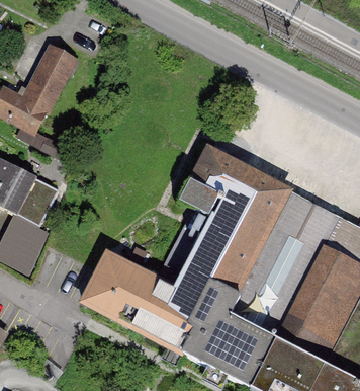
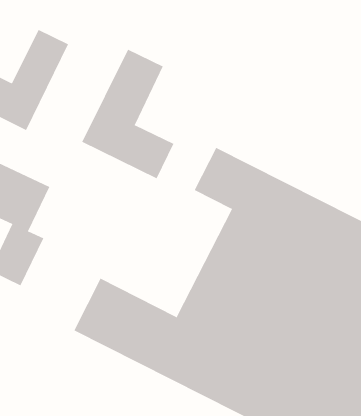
building: none -> [82,49,174,179]

